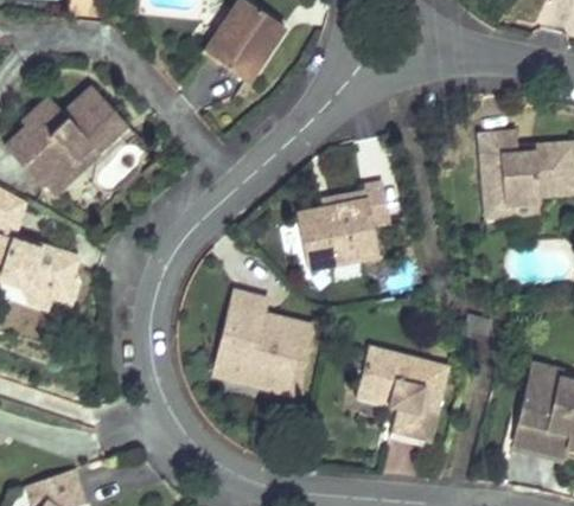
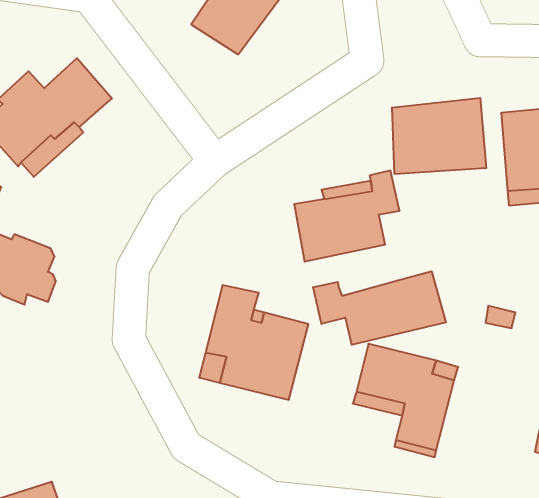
building: none -> [392,98,486,174]
building: none -> [313,271,446,345]

